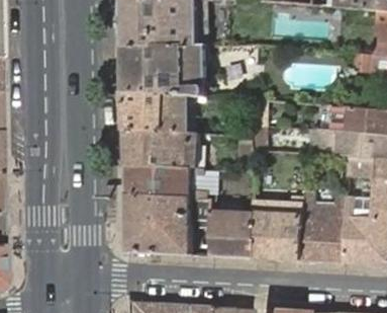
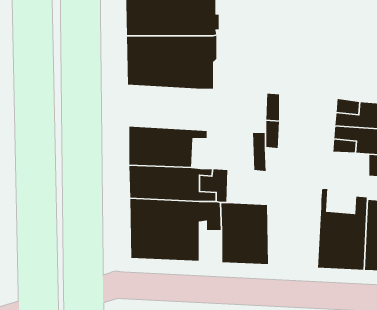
building: [127,91,197,133] -> none
building: [257,198,305,260] -> none

